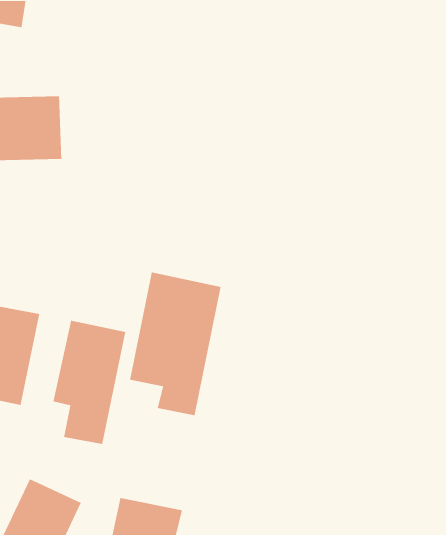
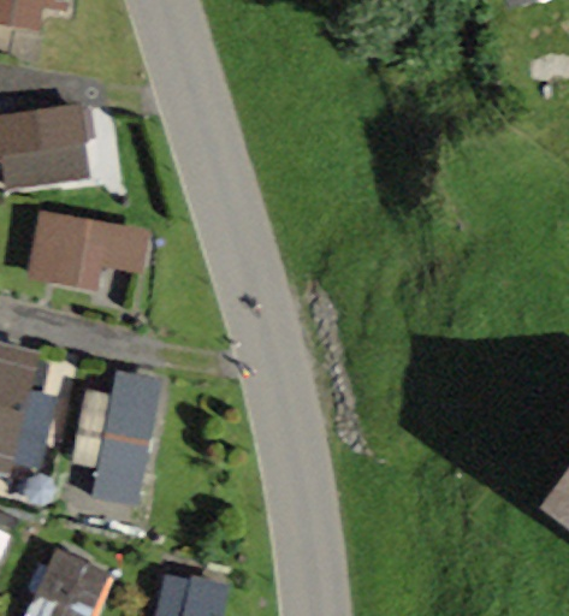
building: none -> [26,214,147,288]
building: [129,271,222,416] -> none

